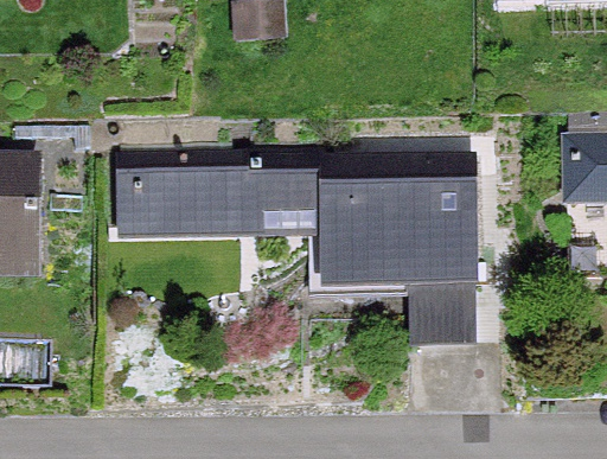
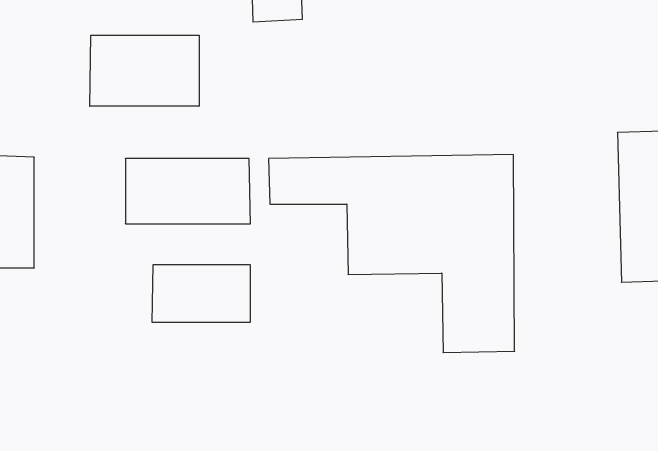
building: none -> [90,35,199,106]
building: none -> [152,265,250,322]

